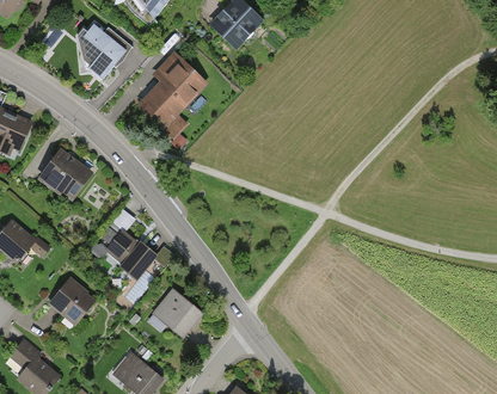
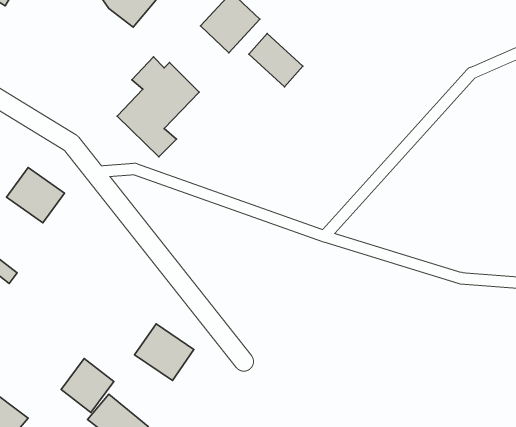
building: [79,18,130,81] -> none
building: none -> [249,33,303,87]
building: [103,230,155,281] -> none
building: [47,281,93,328] -> [61,358,114,412]

